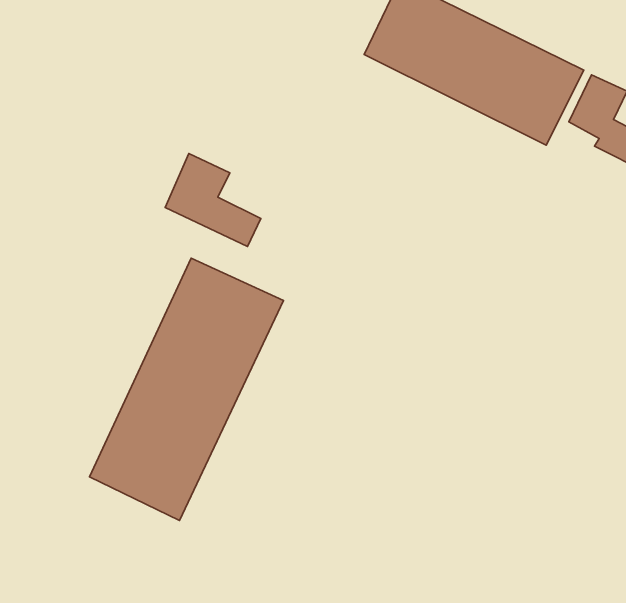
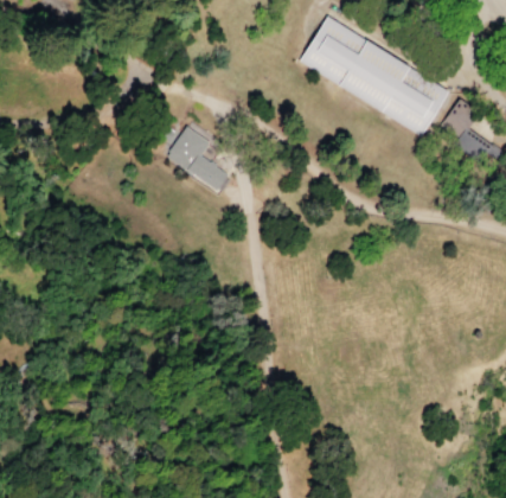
building: [89,258,283,520] -> none

